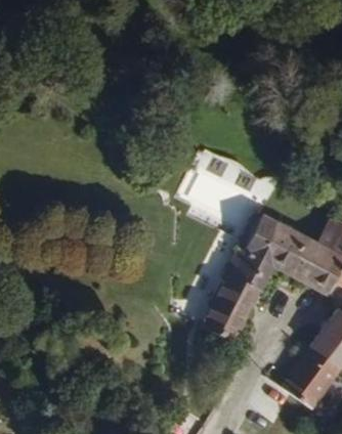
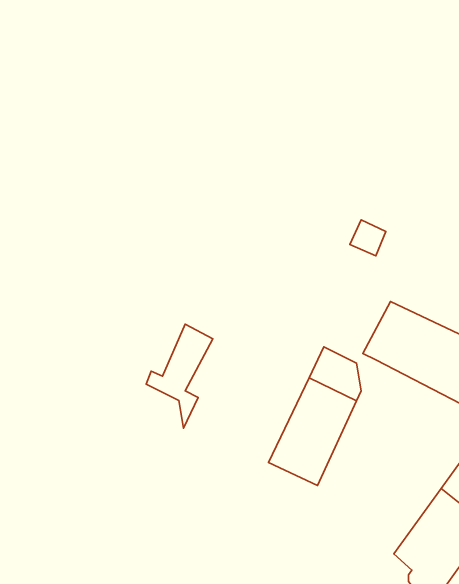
building: [239,217,281,283] -> [146,324,213,428]

